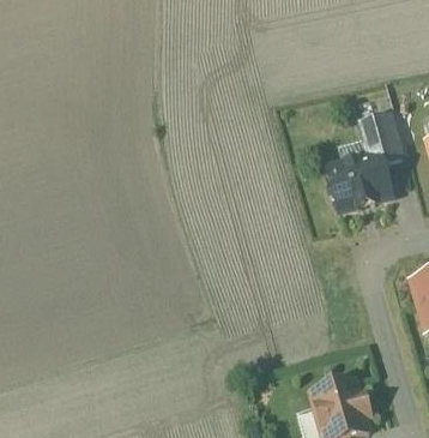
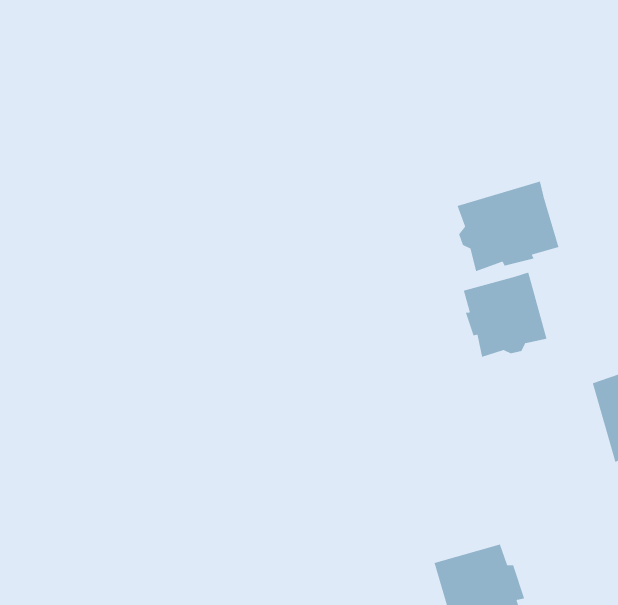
building: [361,110,406,160] -> none
building: none -> [463,271,547,358]

